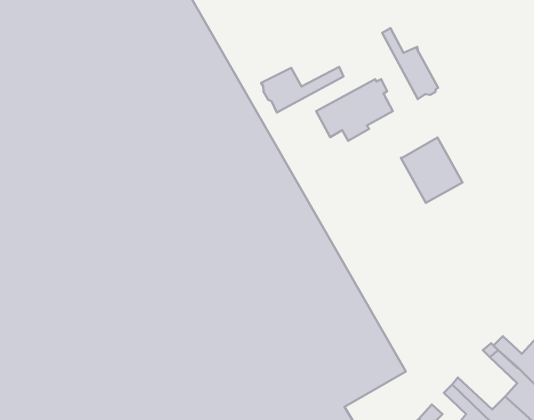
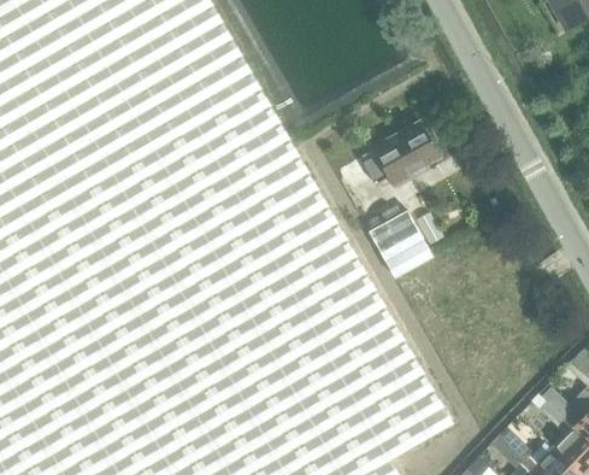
building: [382,28,438,99] -> none
building: [261,67,344,113] -> none
building: [401,138,462,203] -> [369,210,431,276]

